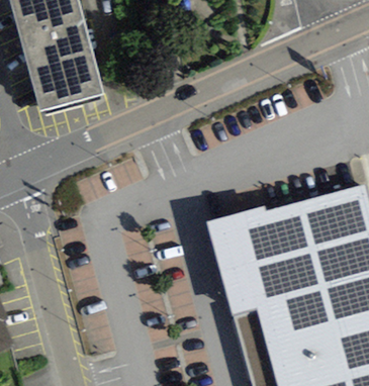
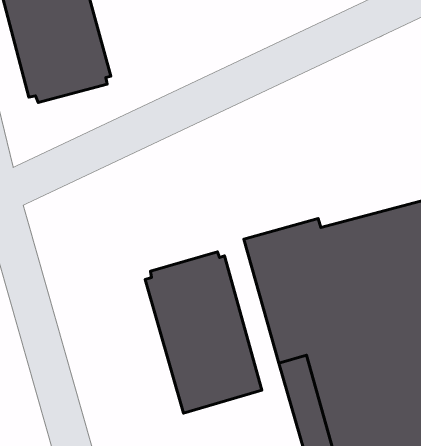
building: none -> [145,252,262,413]

